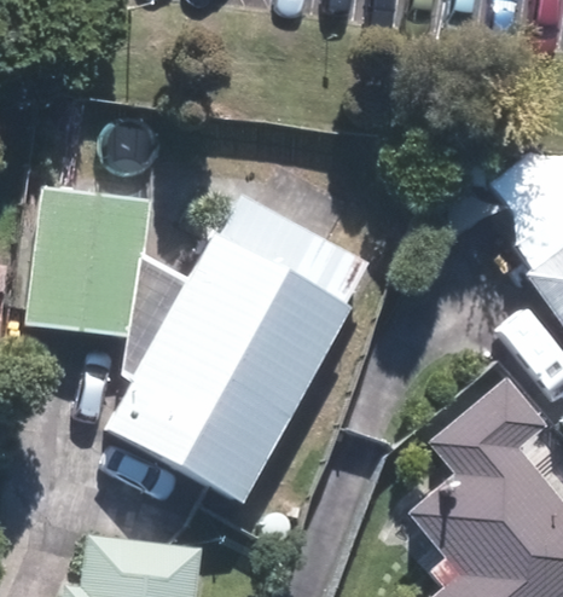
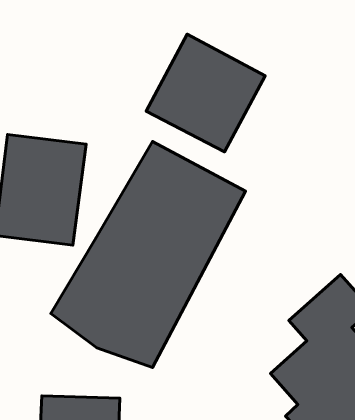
building: none -> [146,34,265,152]

